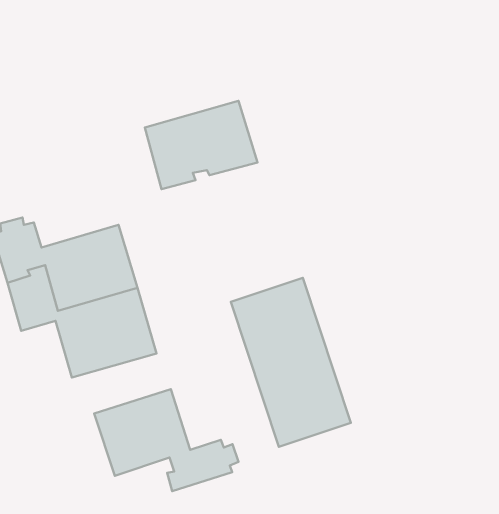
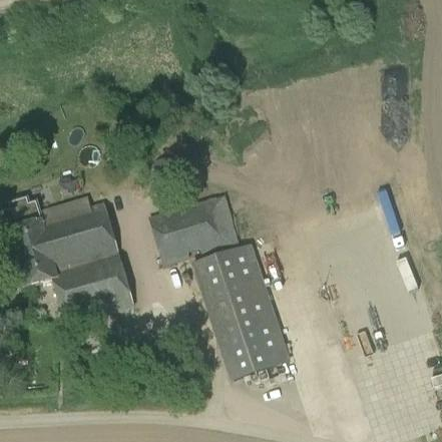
building: [145,101,257,189] -> [150,192,240,263]
building: [94,389,238,491] -> none

